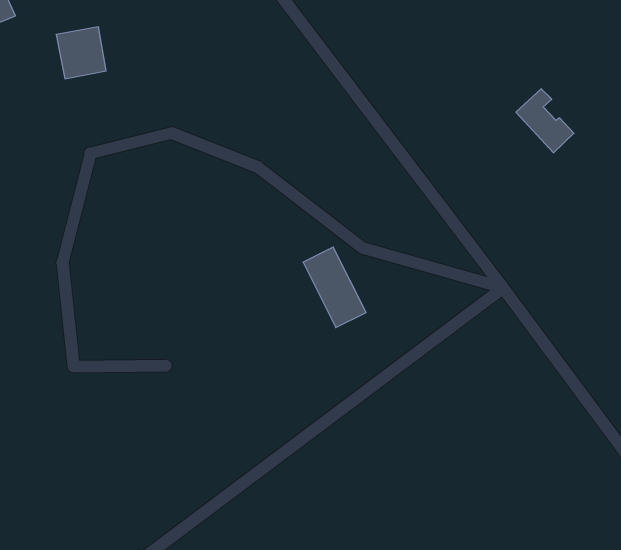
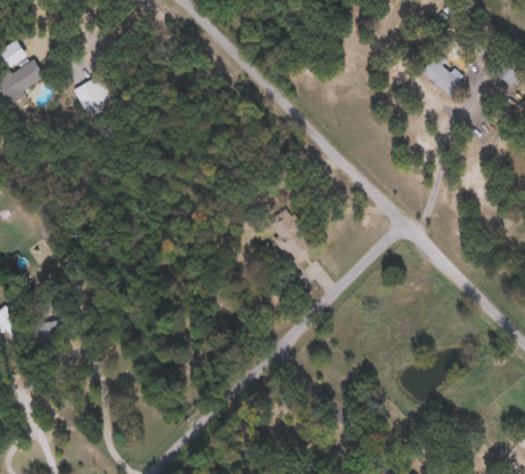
building: [516,89,574,153] -> [421,54,463,97]

